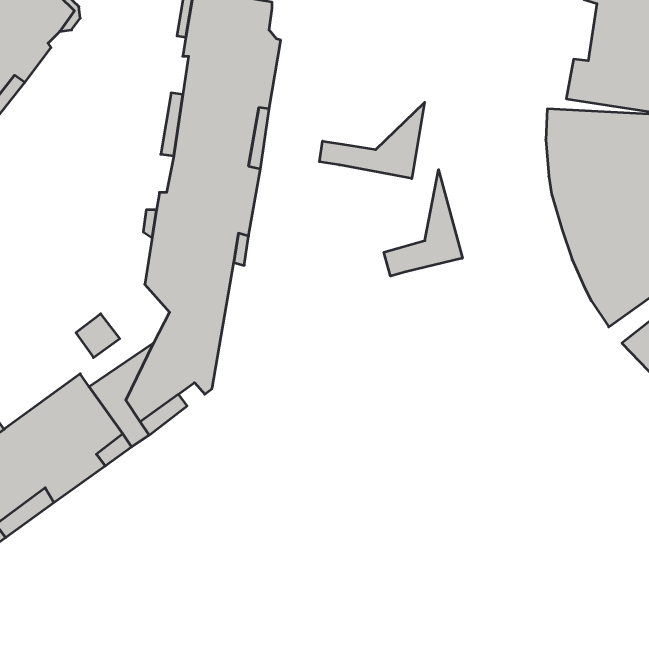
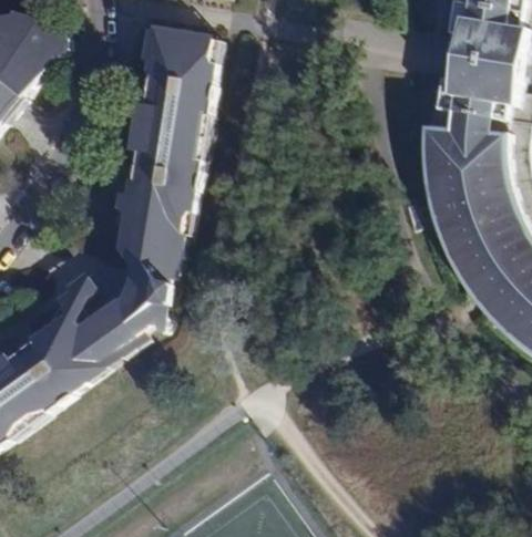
building: [319,102,425,179] -> none
building: [384,170,462,276] -> none

